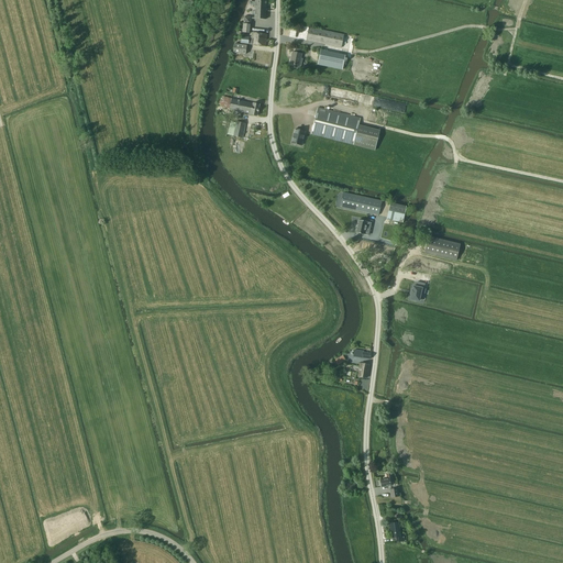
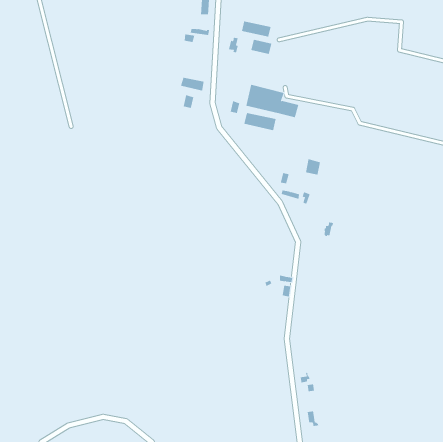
building: [340,191,382,214] -> [243,113,276,131]
building: [424,235,461,260] -> none

